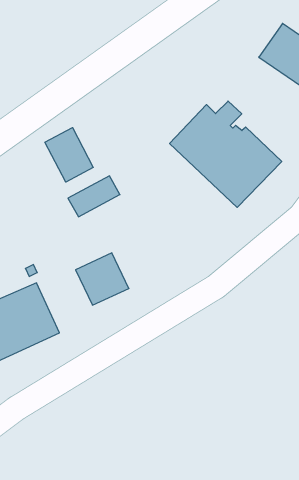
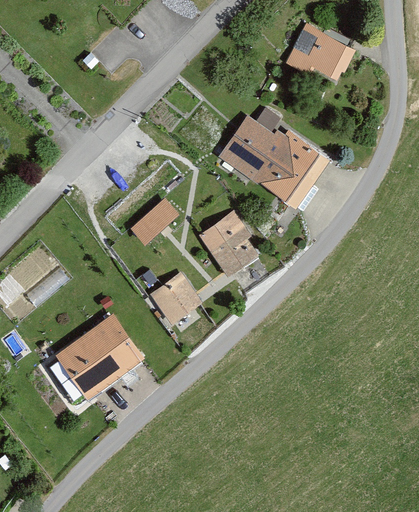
building: [45,128,93,182] -> none
building: none -> [197,209,265,279]

